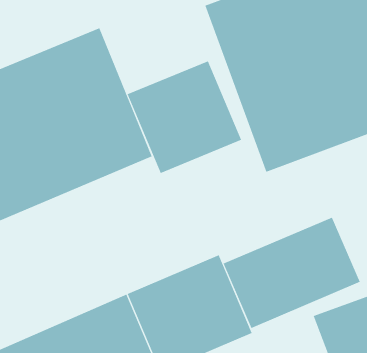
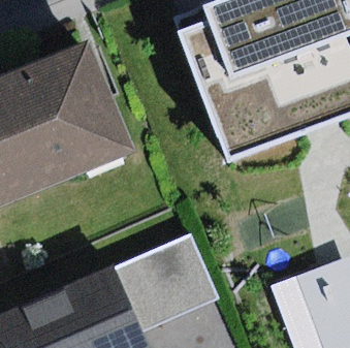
building: [127,60,242,174] -> none
building: [223,217,361,329] -> none

